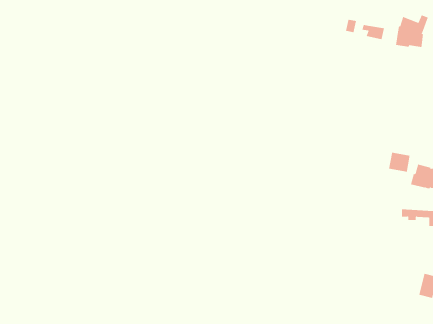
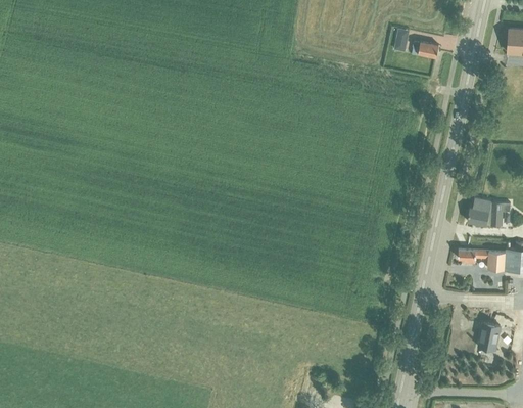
building: [395,15,429,48] -> none
building: [389,152,410,172] -> none

